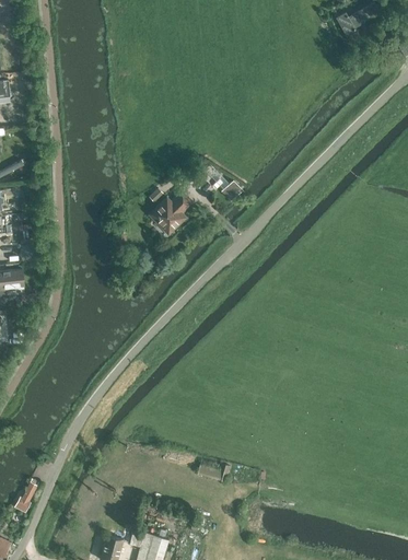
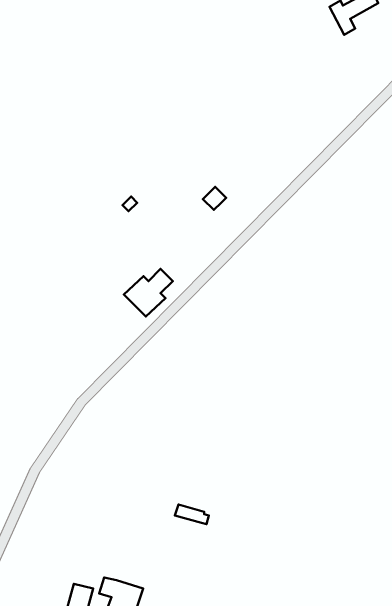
building: [149,192,193,235] -> [124,269,173,316]

